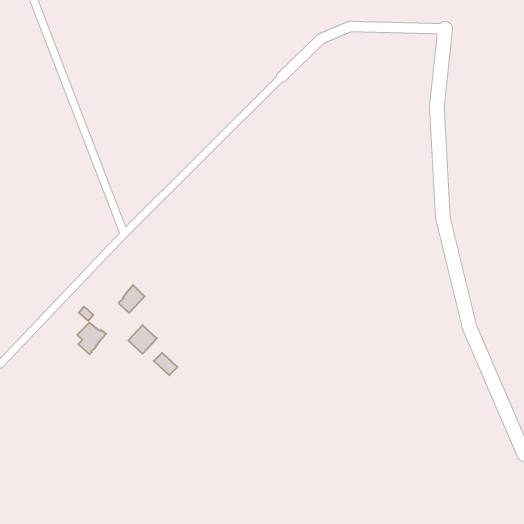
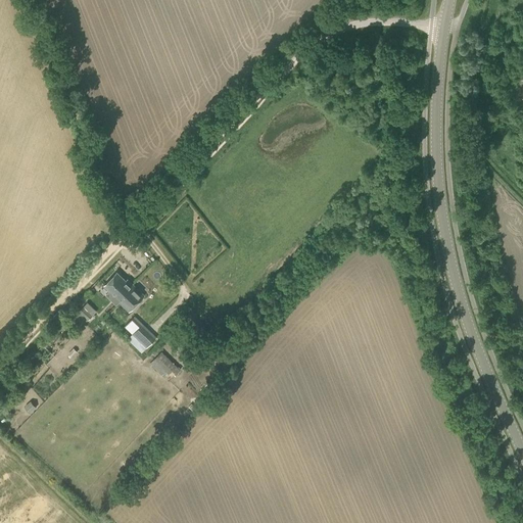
building: [77,323,106,354] -> [104,273,133,304]

